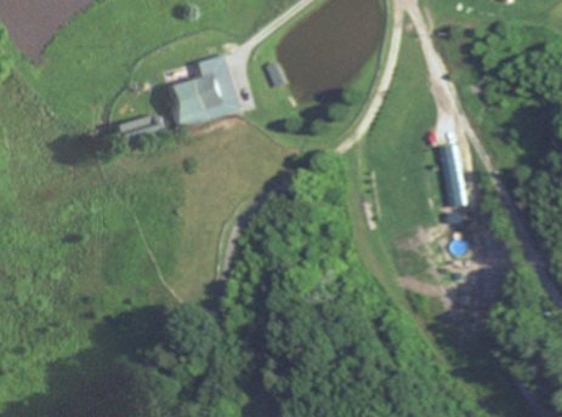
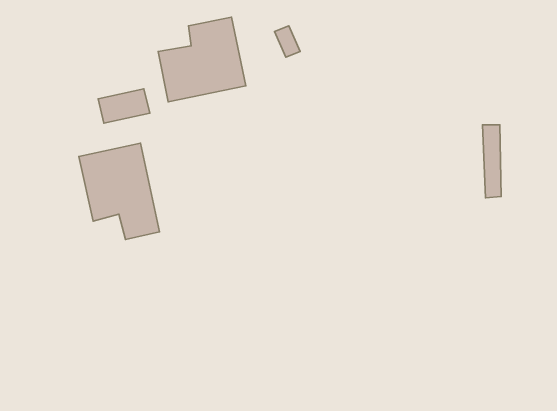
building: none -> [79,143,160,240]

